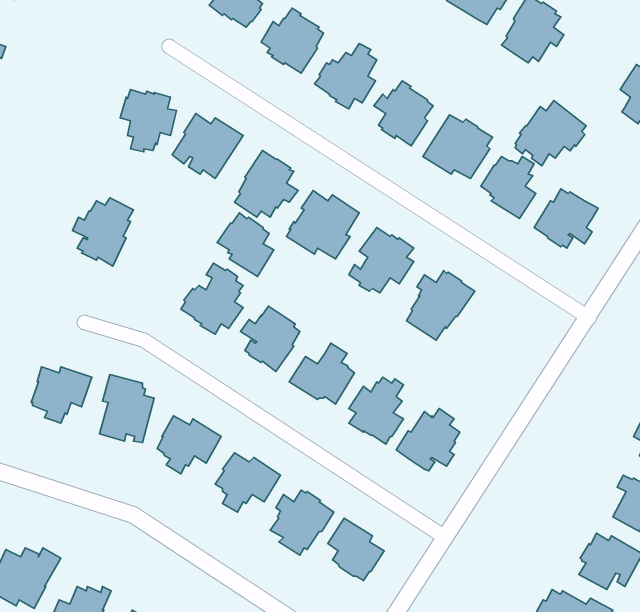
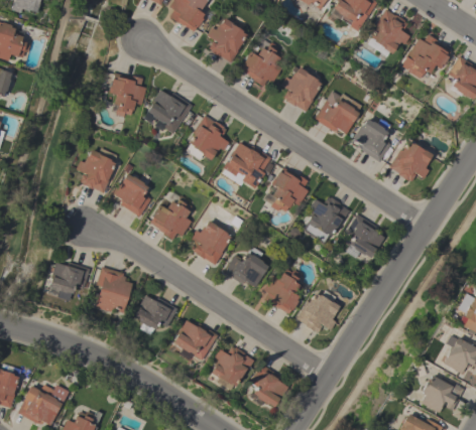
building: [515,100,586,166] -> [402,34,451,79]
building: [217,213,274,277] -> [113,173,151,217]
building: none -> [346,214,384,258]

